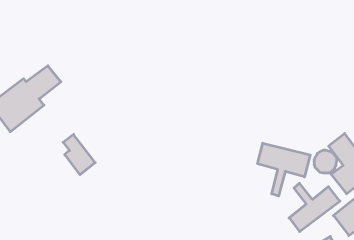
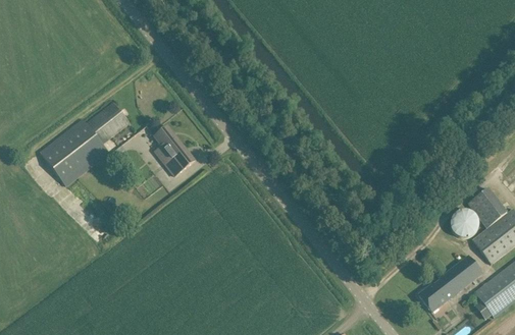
building: [63,134,95,175] -> [154,126,195,177]
building: [258,143,310,196] -> none

